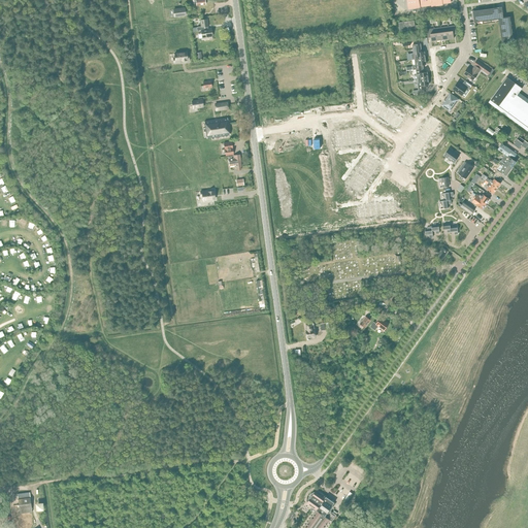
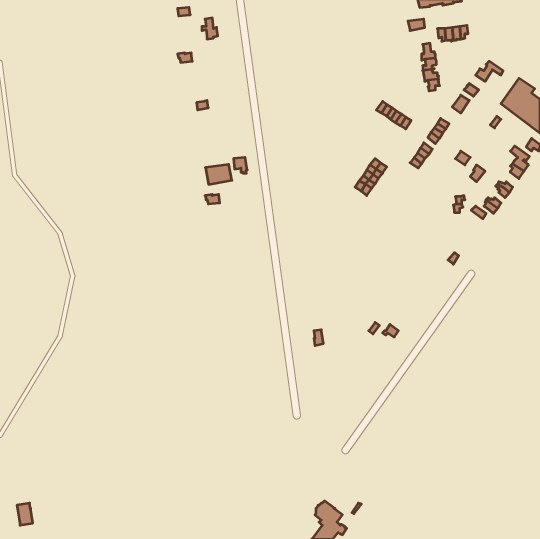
building: [473,6,514,41] -> none
building: [204,118,230,137] -> [205,164,232,184]

